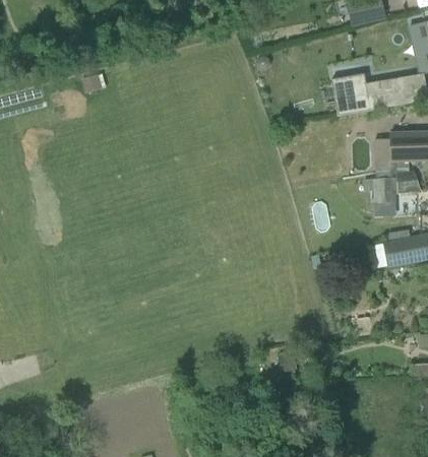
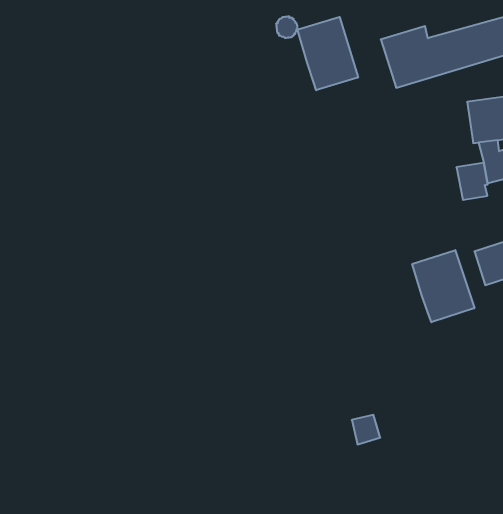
building: none -> [298,17,358,90]
building: none -> [412,250,474,322]

